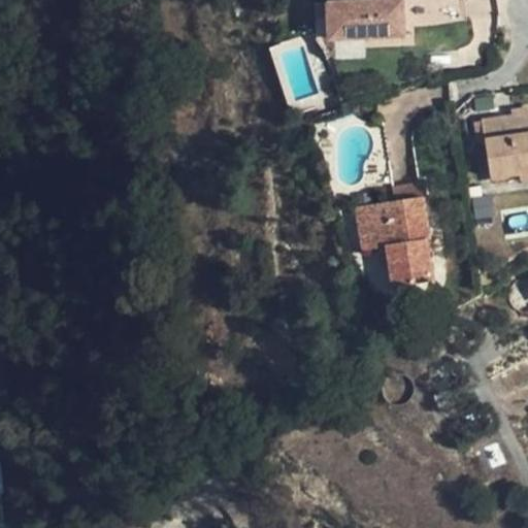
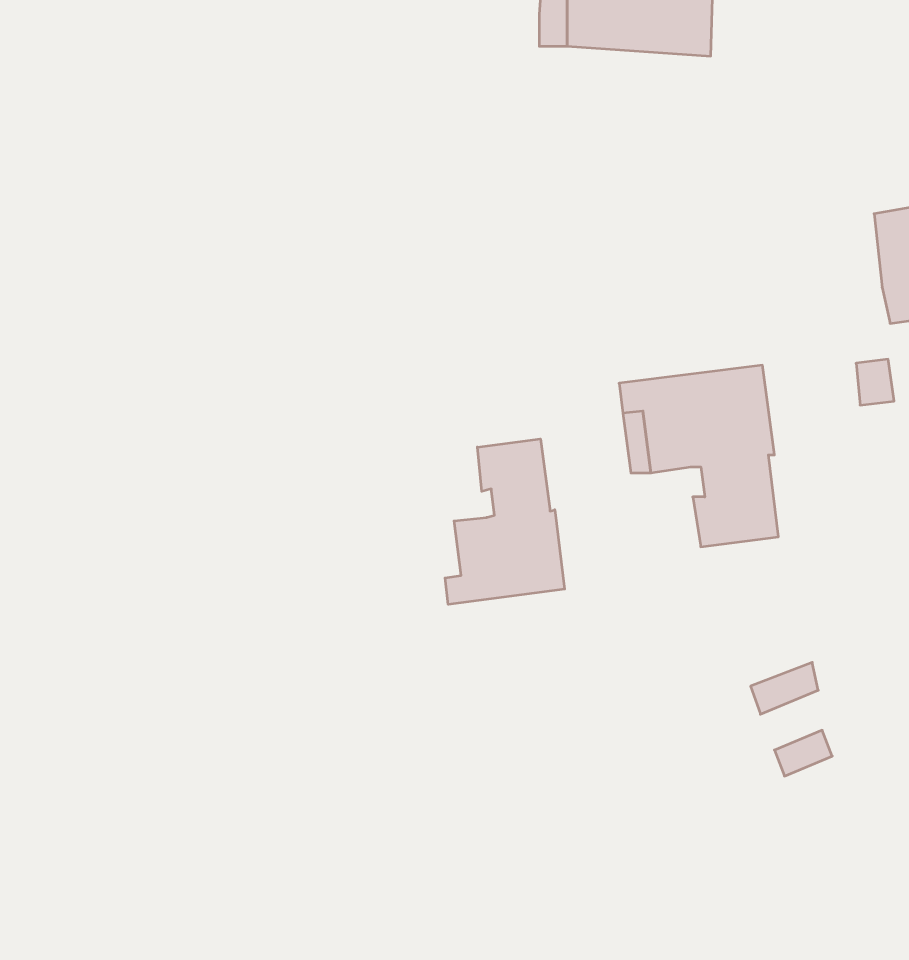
building: none -> [445,439,565,604]

